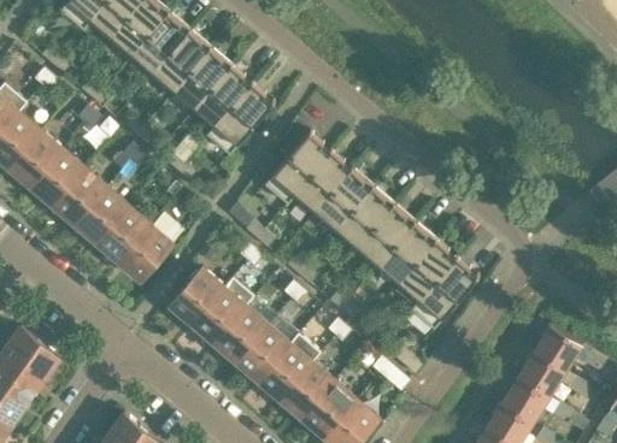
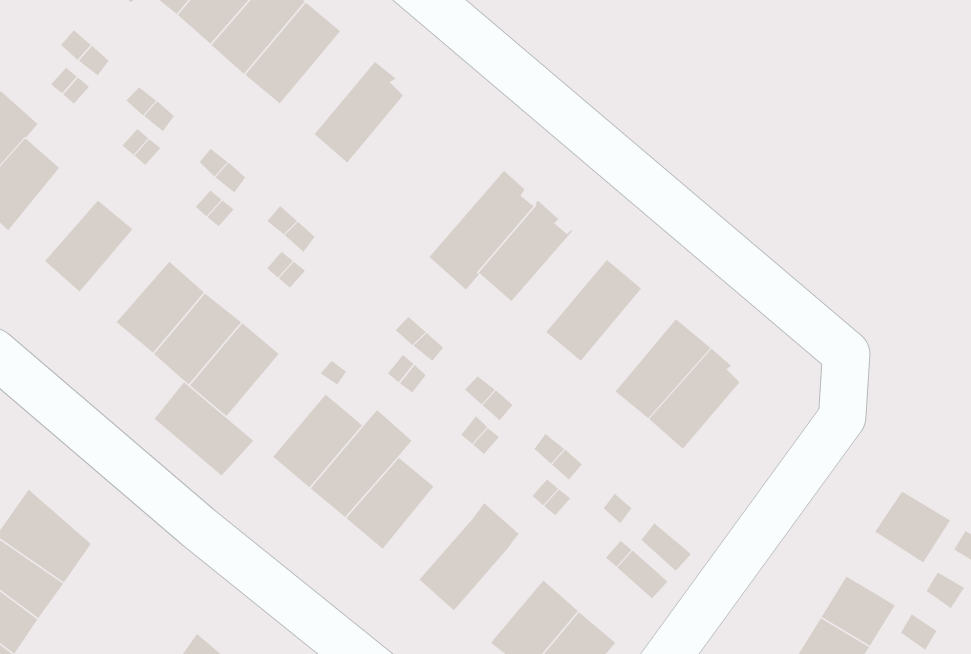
building: [172,47,230,110] -> none
building: [205,82,274,155] -> none
building: [7,130,61,187] -> none
building: [51,167,105,224] -> none
building: [313,169,371,230] -> none
building: [355,203,413,266] -> none
building: [410,256,477,329] -> none
building: none -> [154,381,254,476]
building: [235,324,289,380] -> none
building: [517,352,564,396] -> none
building: [278,362,333,419] -> none

